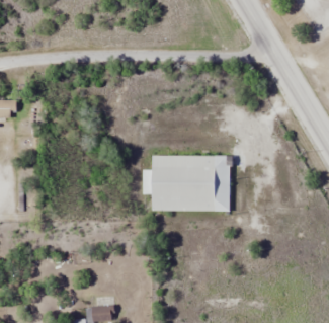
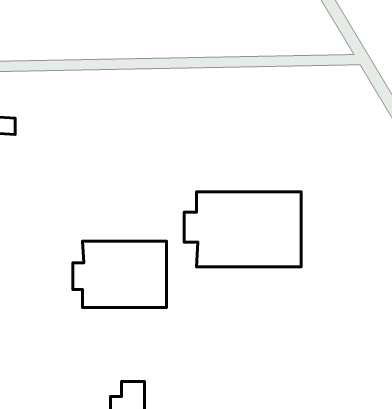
building: none -> [73,241,167,307]

